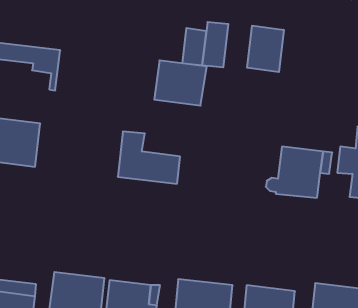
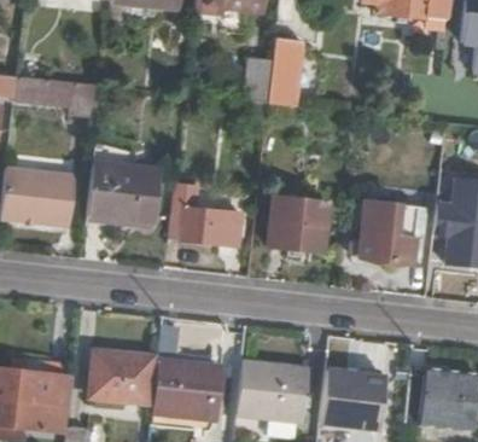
building: [247,26,284,72] -> none
building: [154,60,207,106] -> [263,199,326,254]
building: none -> [86,163,158,223]

